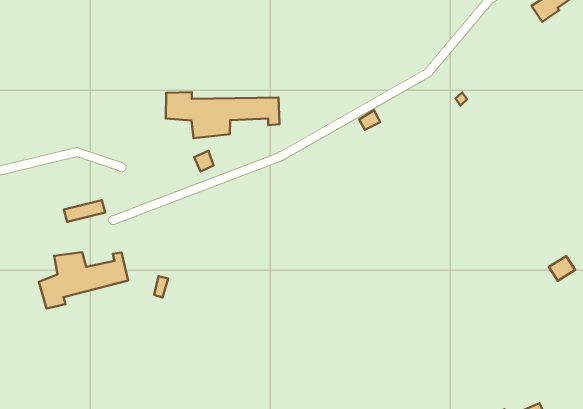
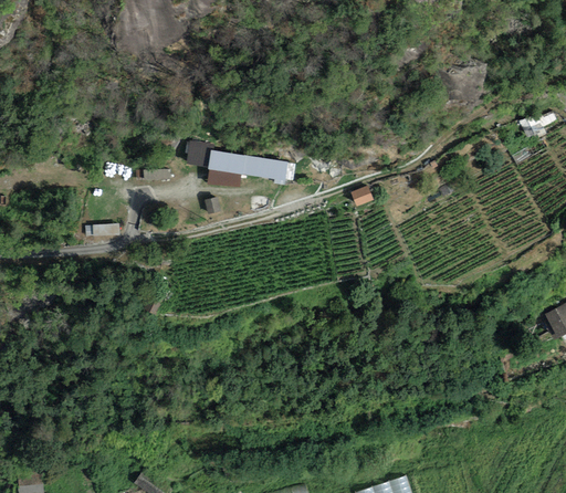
building: [39,252,128,309] -> none

